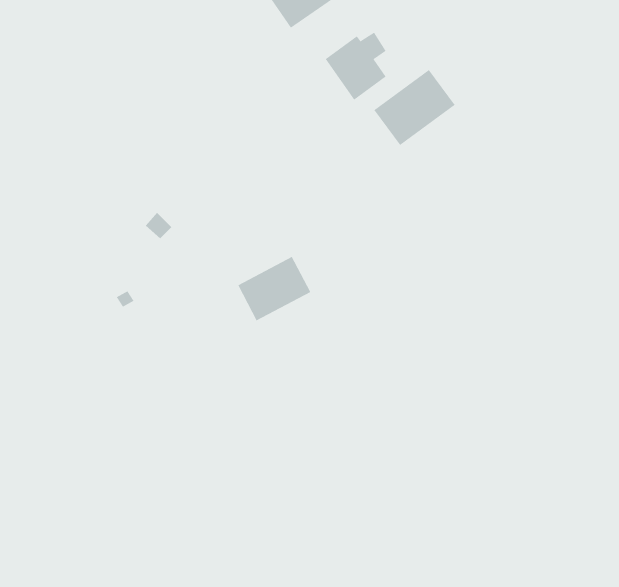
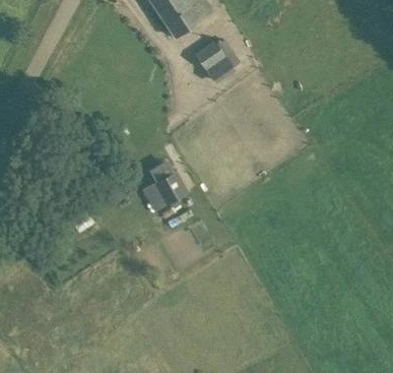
building: [374,69,456,146] -> none

